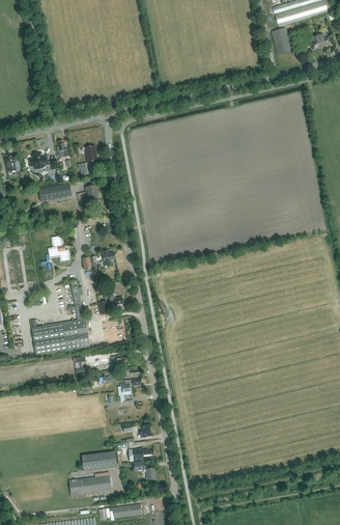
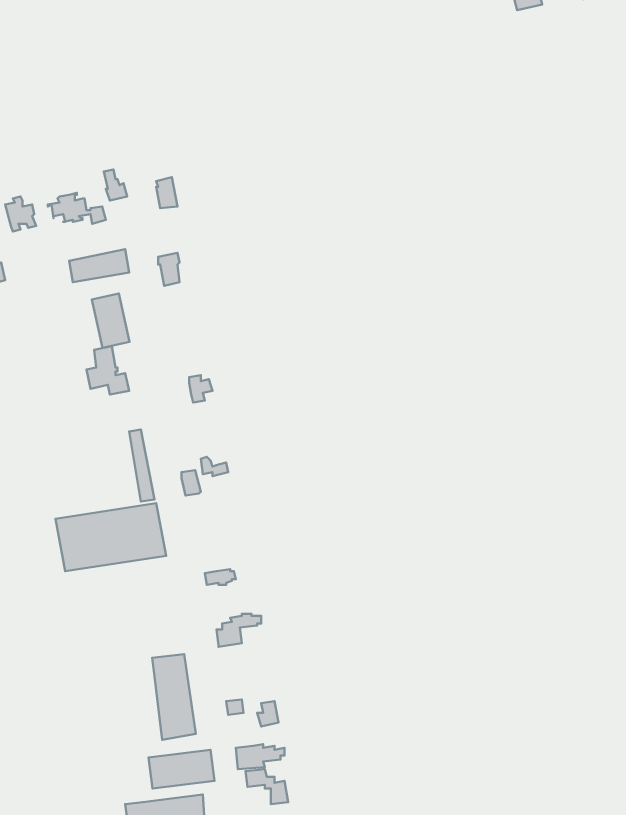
building: none -> [92,294,129,348]
building: none -> [152,654,196,740]

